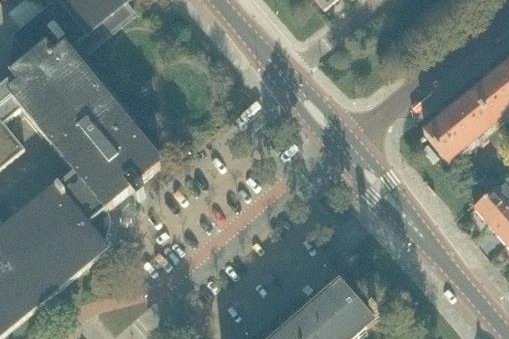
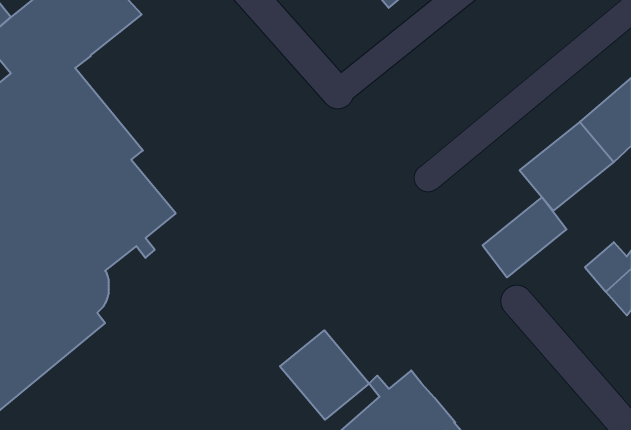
building: none -> [483,197,567,277]
building: none -> [280,330,369,420]

